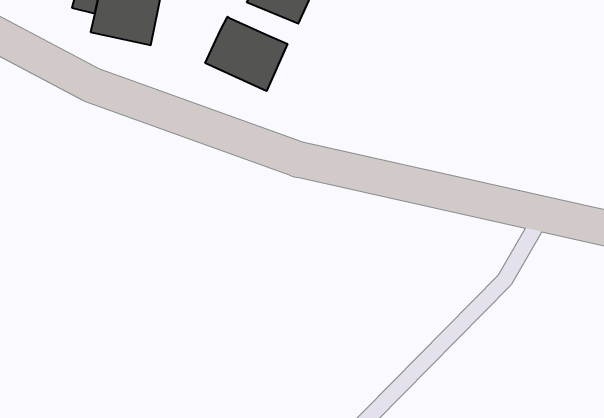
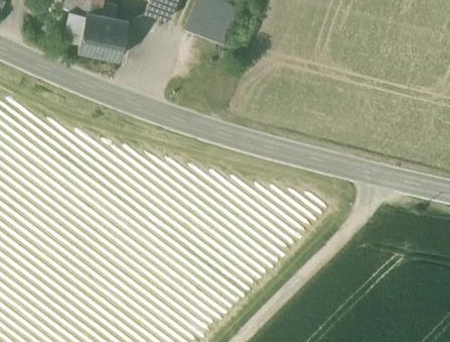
building: [205,17,287,91] -> none

